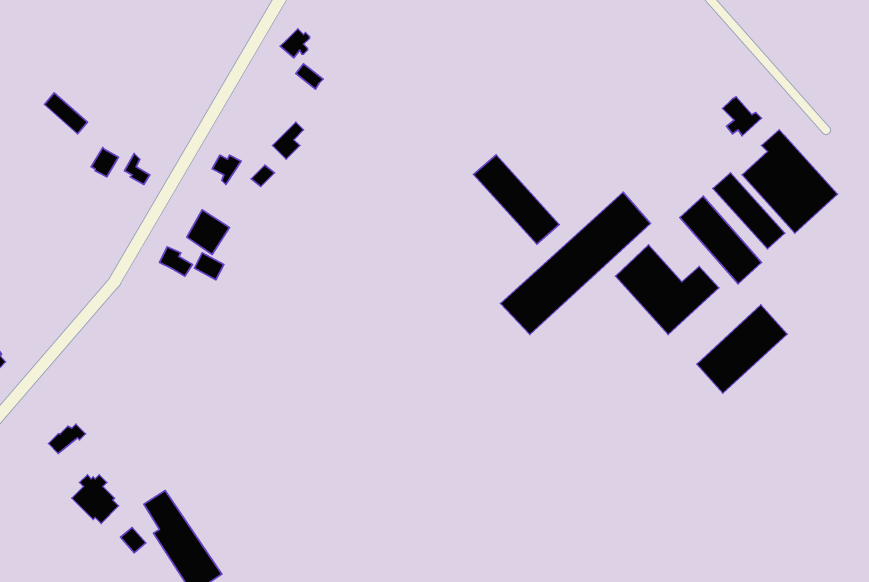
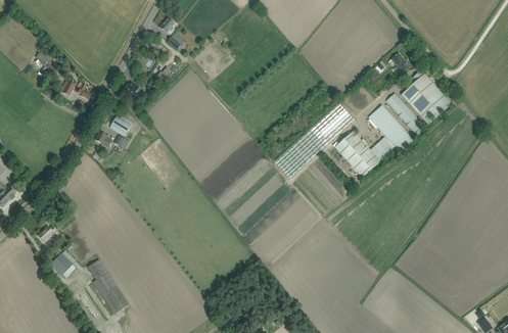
building: [474,155,559,244] -> none
building: [697,305,787,393] -> none

